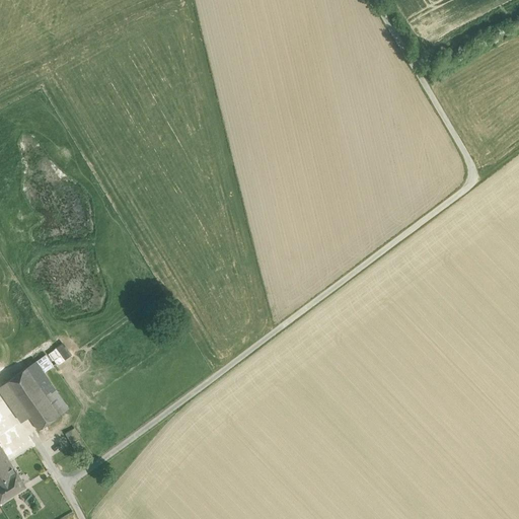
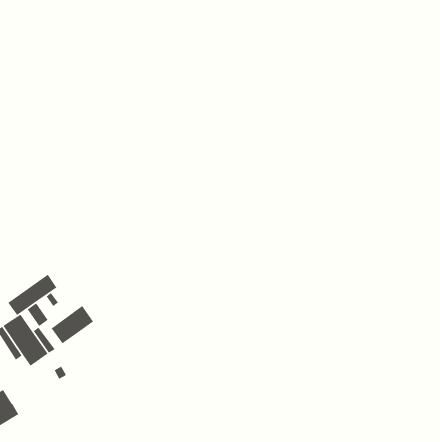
building: none -> [7,274,57,316]
building: none -> [51,305,94,344]

